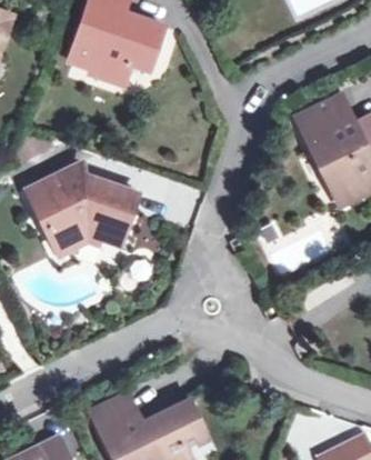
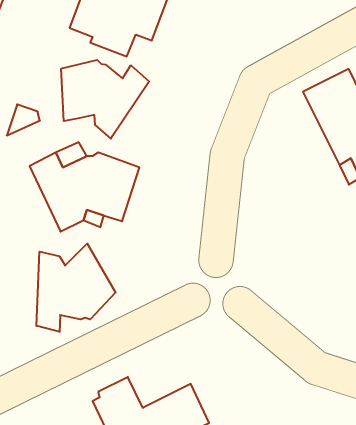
building: none -> [61,60,149,139]
building: none -> [36,244,116,332]

